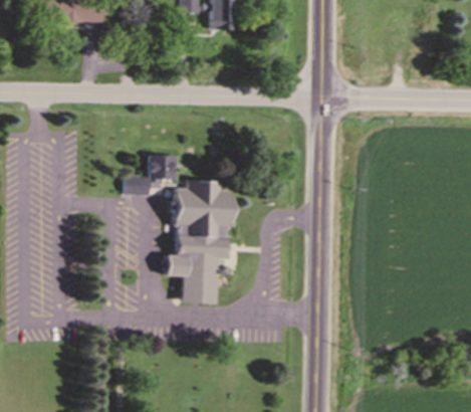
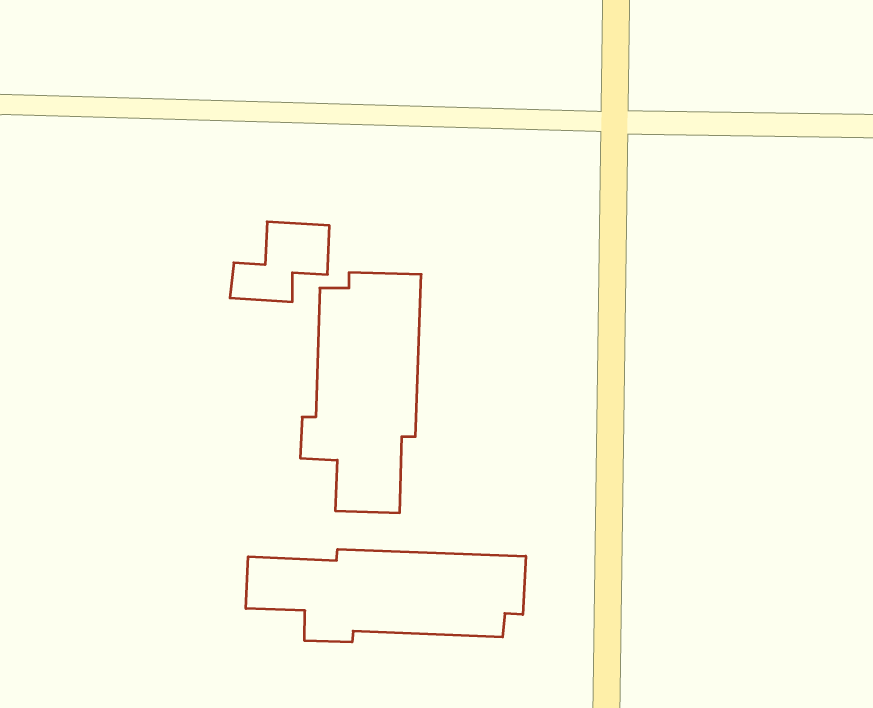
building: none -> [246,549,526,642]

